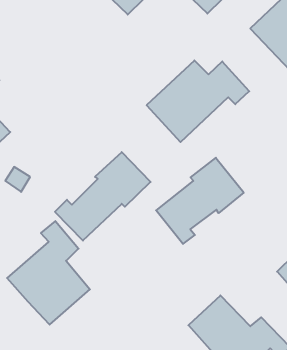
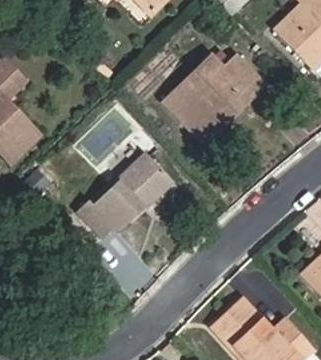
building: [156,158,244,244] -> none
building: [7,221,90,325] -> none

